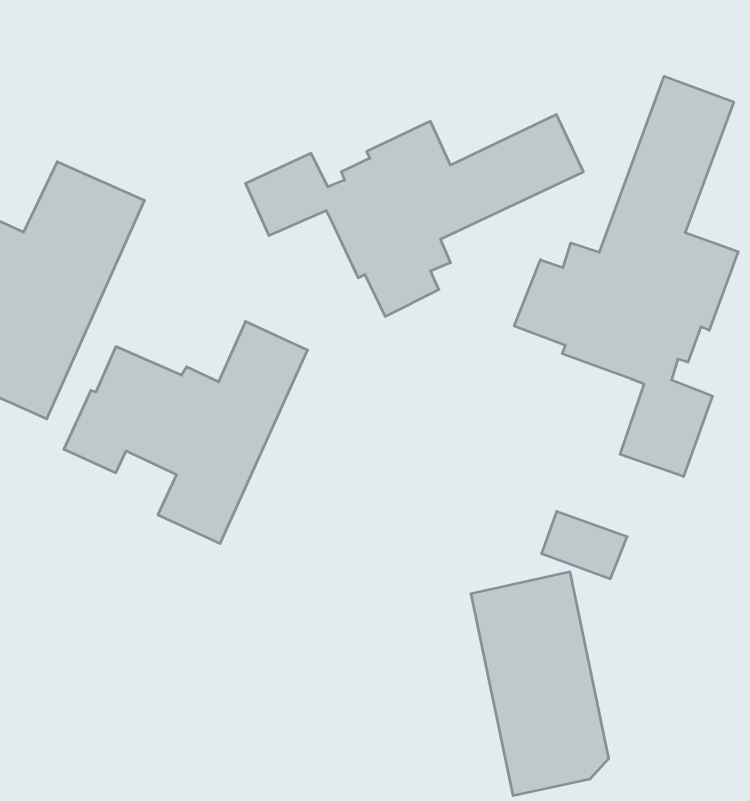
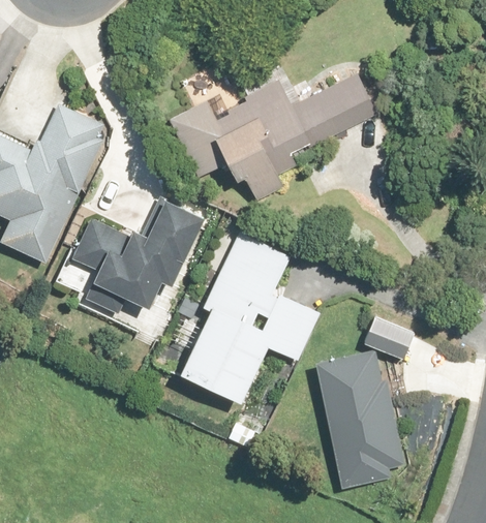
building: [514,76,738,477] -> none
building: none -> [183,232,323,402]

